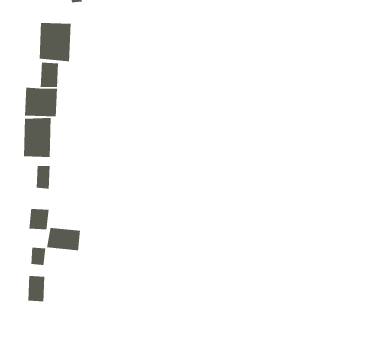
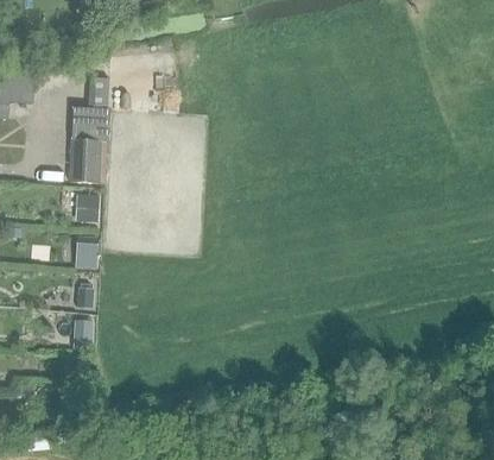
building: [39,22,71,62] -> none
building: [46,227,81,251] -> none

